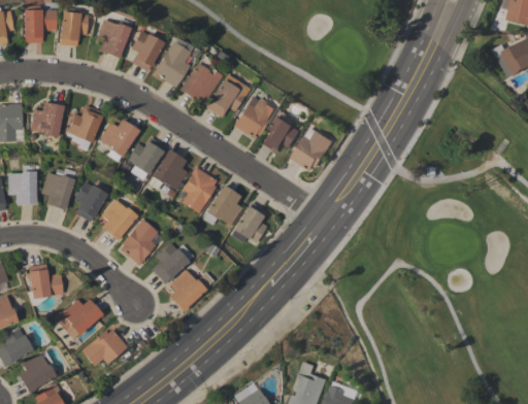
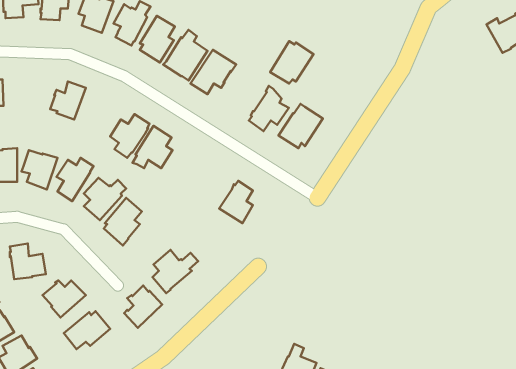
building: [234,96,276,137] -> [270,41,314,84]
building: [31,101,63,136] -> none
building: [99,119,139,161] -> none
building: [182,166,217,212] -> none
building: [203,184,242,226] -> none
building: [152,242,189,283] -> [124,286,162,328]

